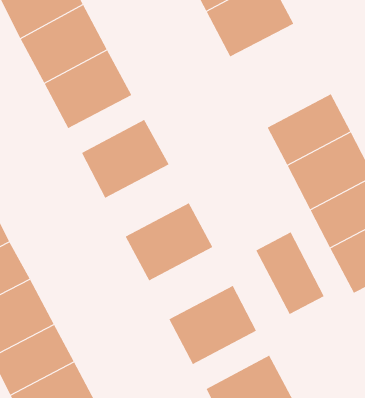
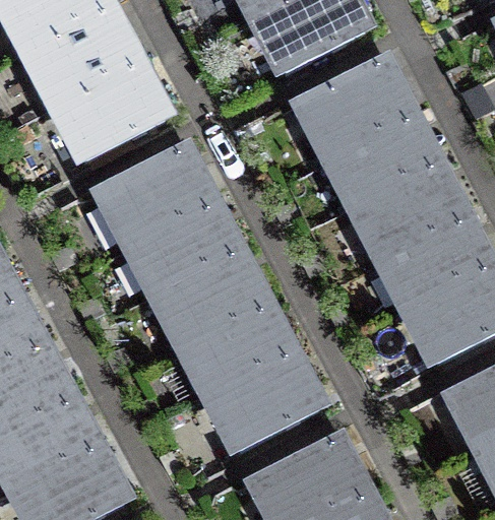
building: none -> [301,62,410,159]
building: none -> [131,205,235,294]
building: [256,231,324,315] -> none
building: none -> [185,307,289,395]

